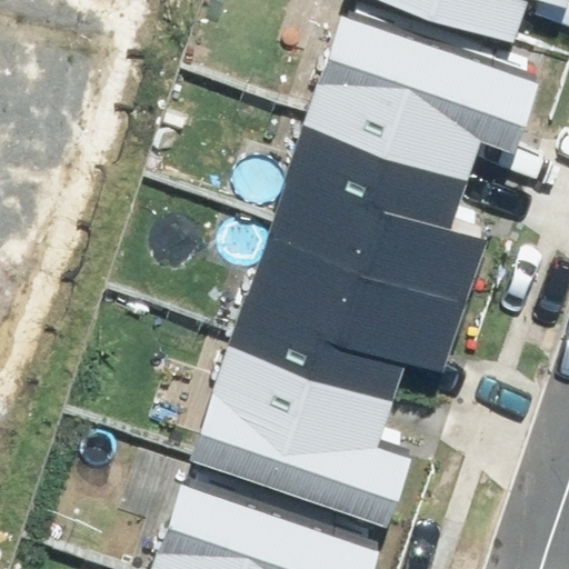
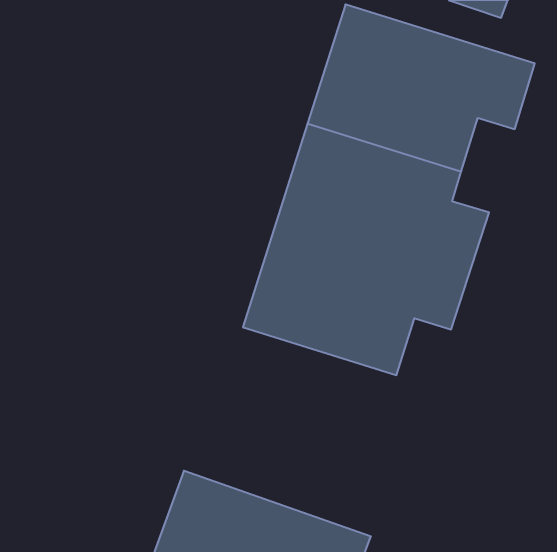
building: [184,343,396,505] -> none

